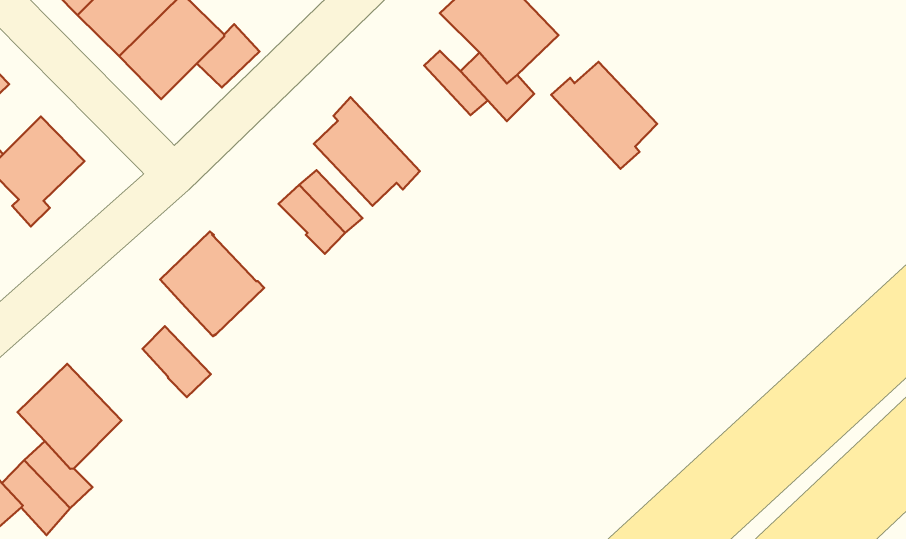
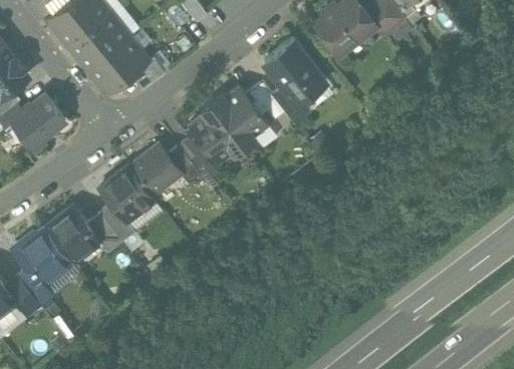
building: [551,62,657,169] -> [211,86,266,144]
building: none -> [130,144,181,195]
building: none -> [99,205,135,242]
building: none -> [45,208,98,262]

